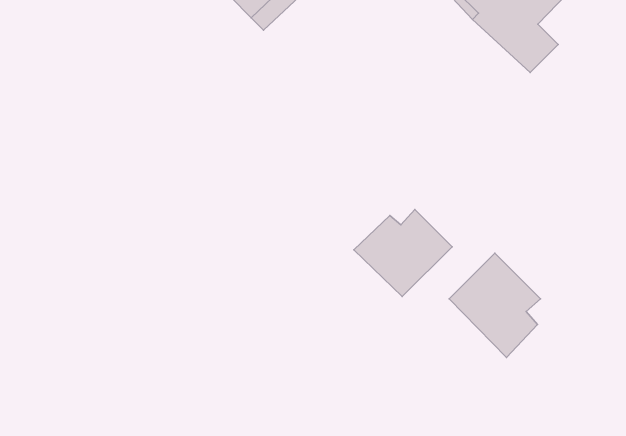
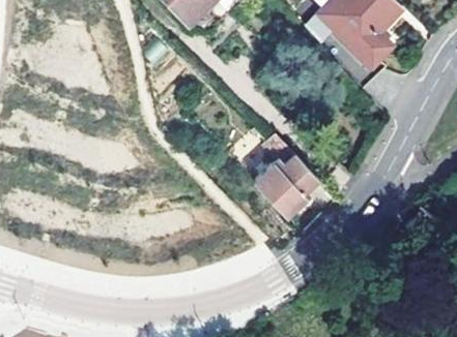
building: [449,253,540,357] -> none

